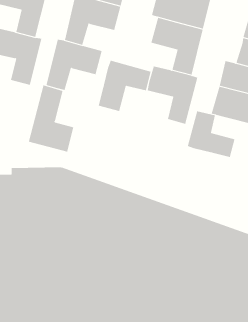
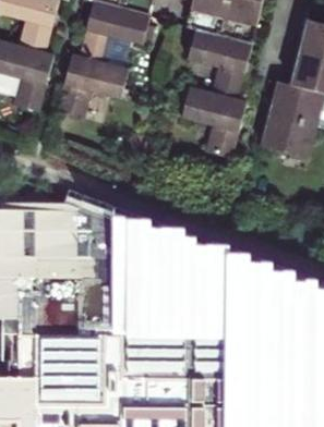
building: [98,60,151,112] -> none
building: [28,85,74,153] -> none
building: [187,110,235,158] -> none

